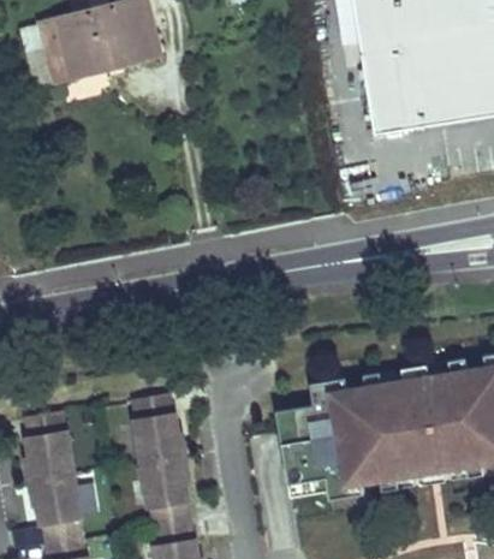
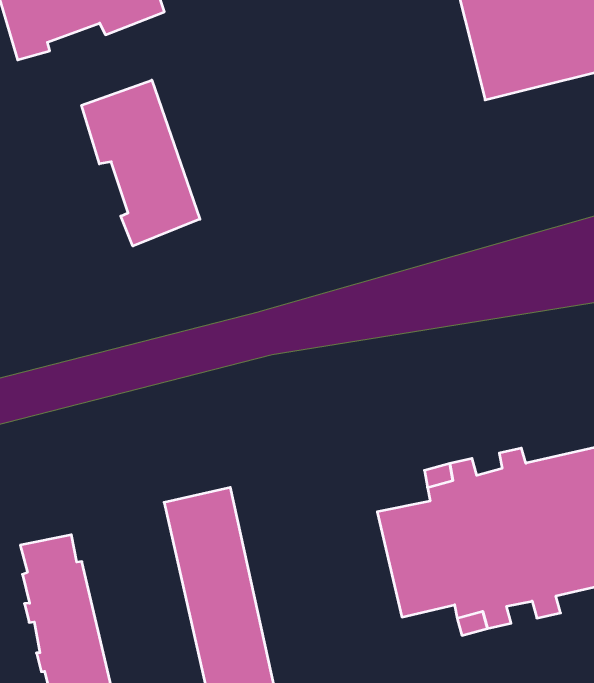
building: none -> [82,80,200,246]

